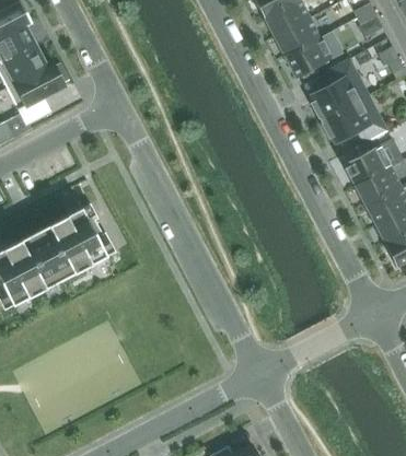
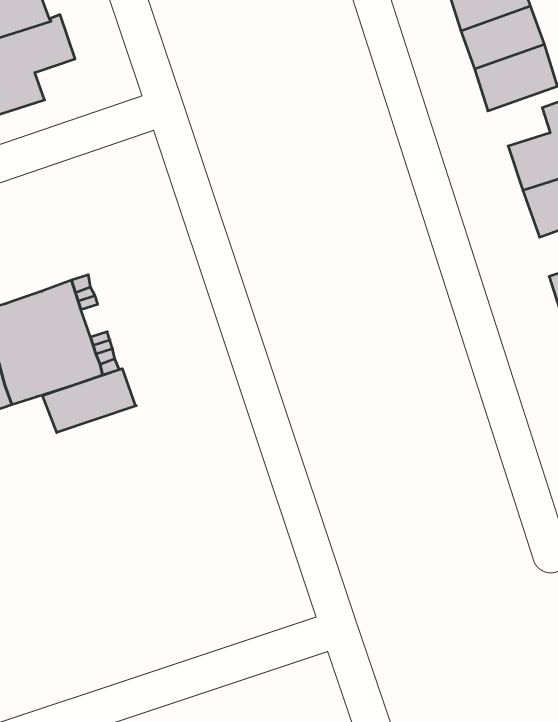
building: none -> [43,369,136,433]

